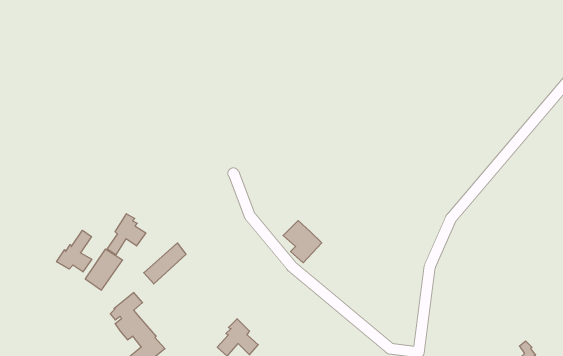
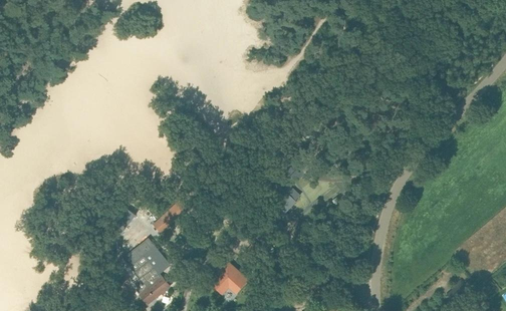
building: [107,214,146,255] -> none
building: [57,230,92,272] -> none

